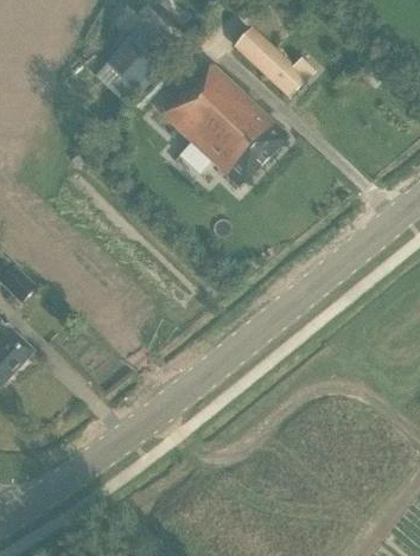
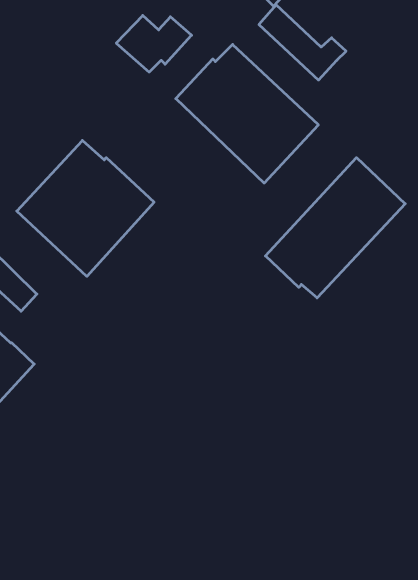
building: none -> [17,140,154,276]
building: none -> [265,158,405,298]

